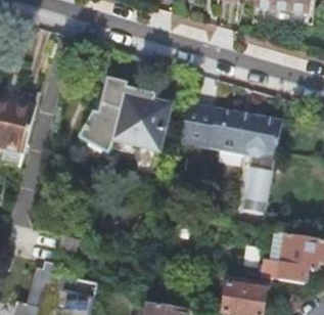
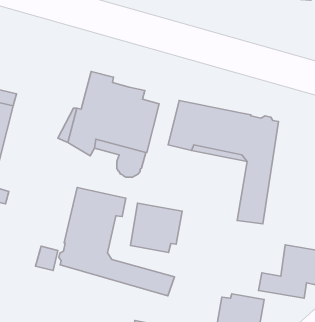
building: none -> [59,188,174,296]
building: none -> [130,203,182,252]

